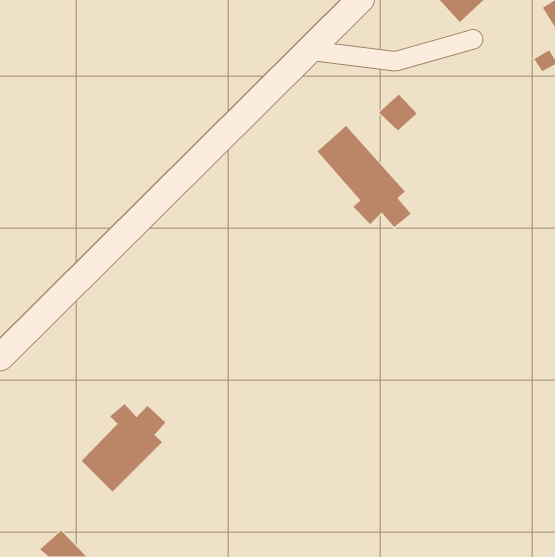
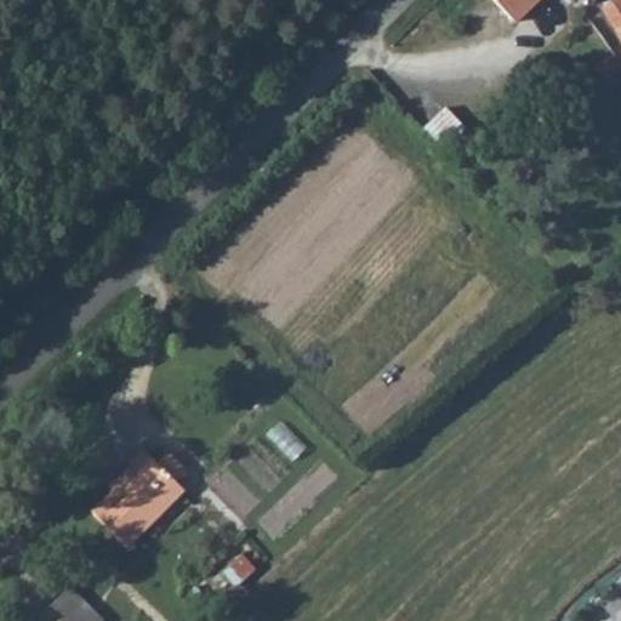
building: [317,125,412,228] -> none

